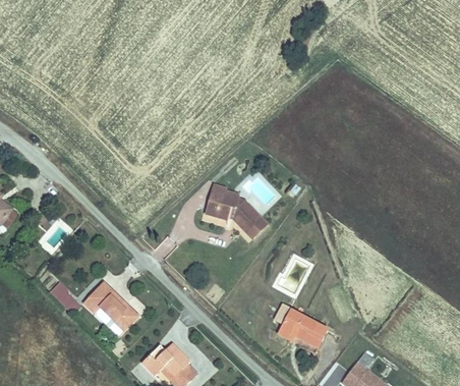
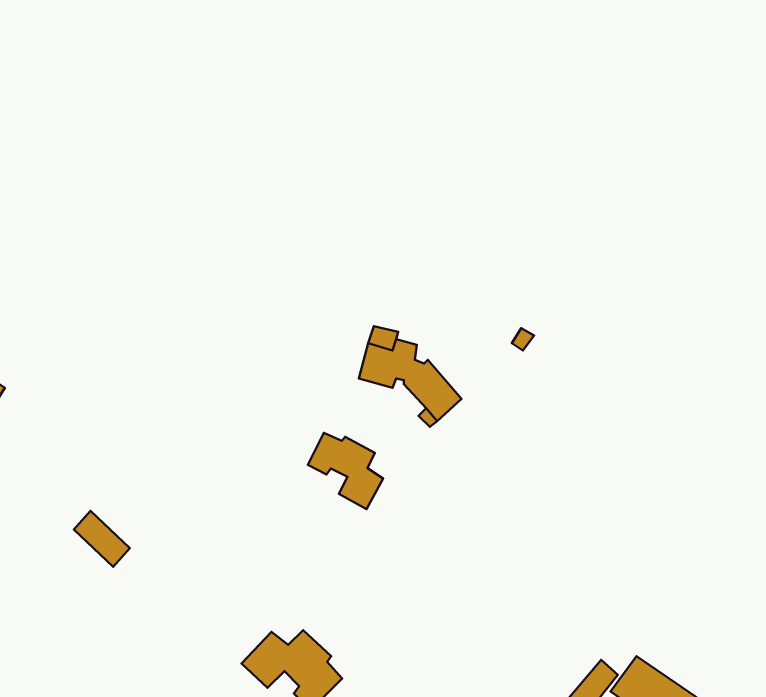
building: none -> [308,433,383,509]
building: [84,284,135,330] -> none
building: [277,307,326,346] -> none

